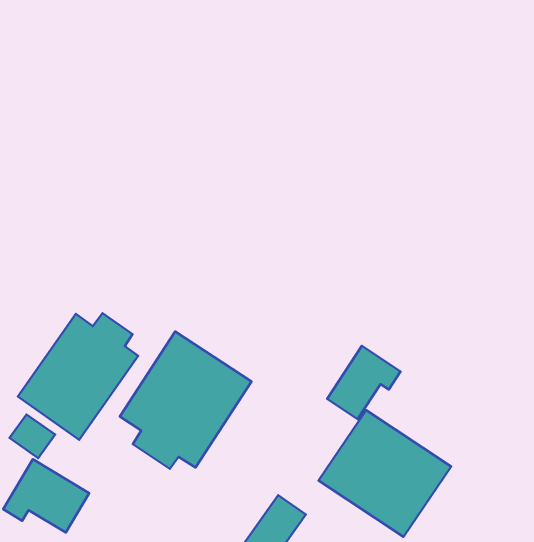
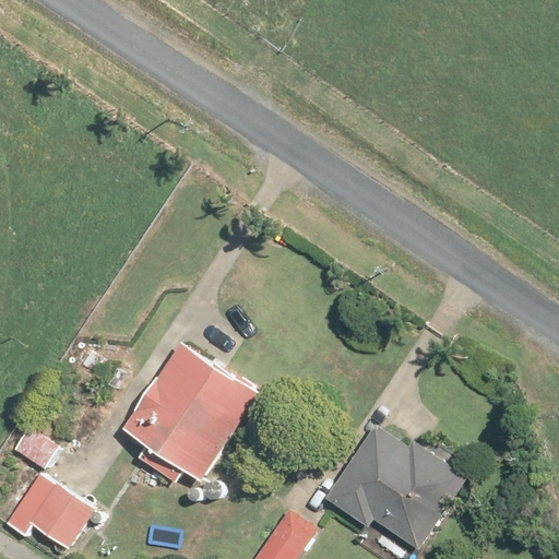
building: [18,313,138,440] -> none
building: [327,346,400,419] -> none

